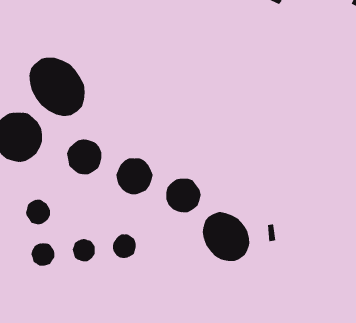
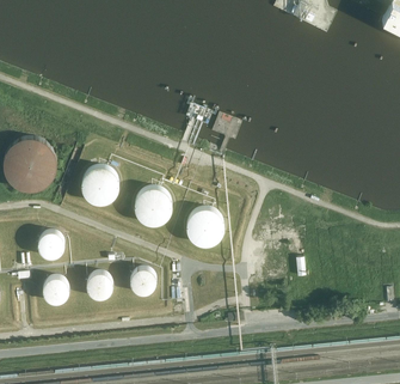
building: [29,57,85,117] -> none
building: [202,211,250,262] -> none

